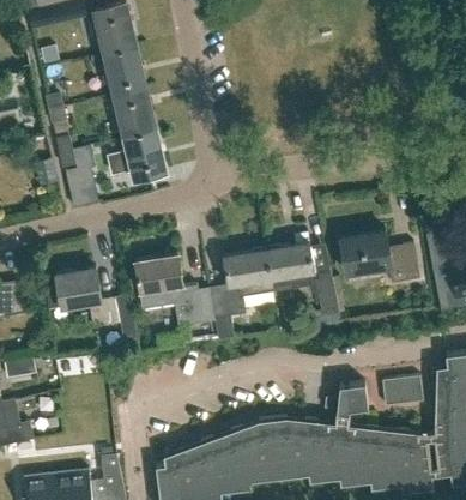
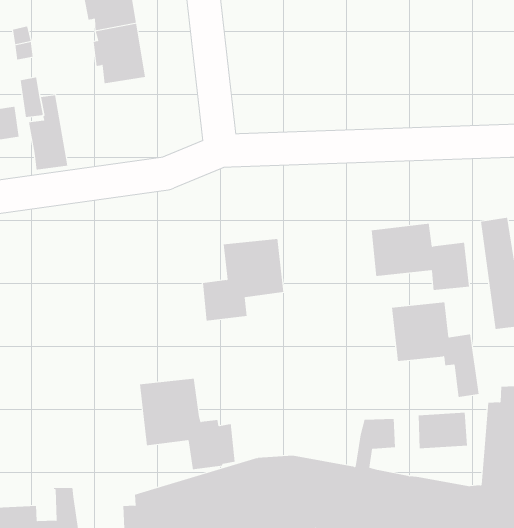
building: [105,129,163,180] -> none
building: [265,242,338,317] -> [391,302,479,397]
building: [133,254,212,326] -> [139,378,235,470]
building: [54,269,119,327] -> none

